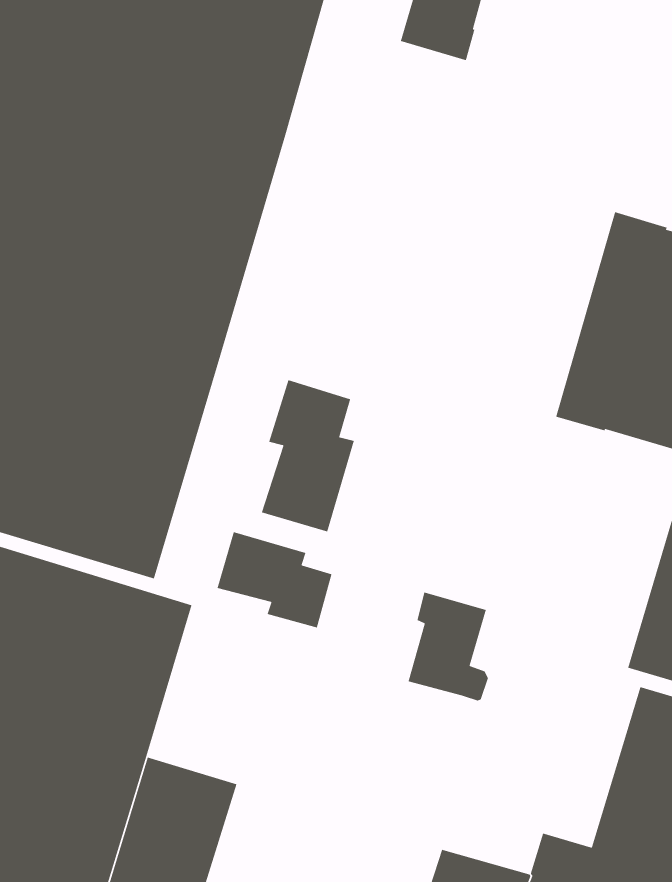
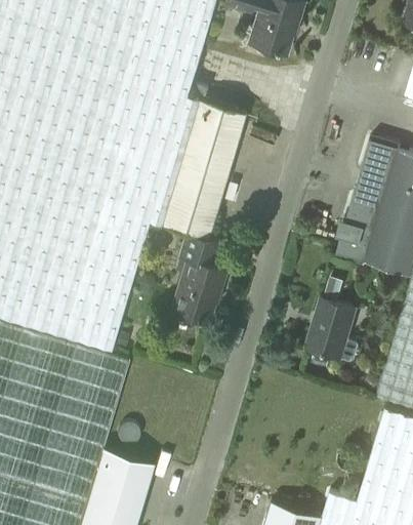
building: none -> [147,95,243,238]
building: [216,531,332,629] -> none
building: [407,591,489,702] -> [312,298,358,361]

